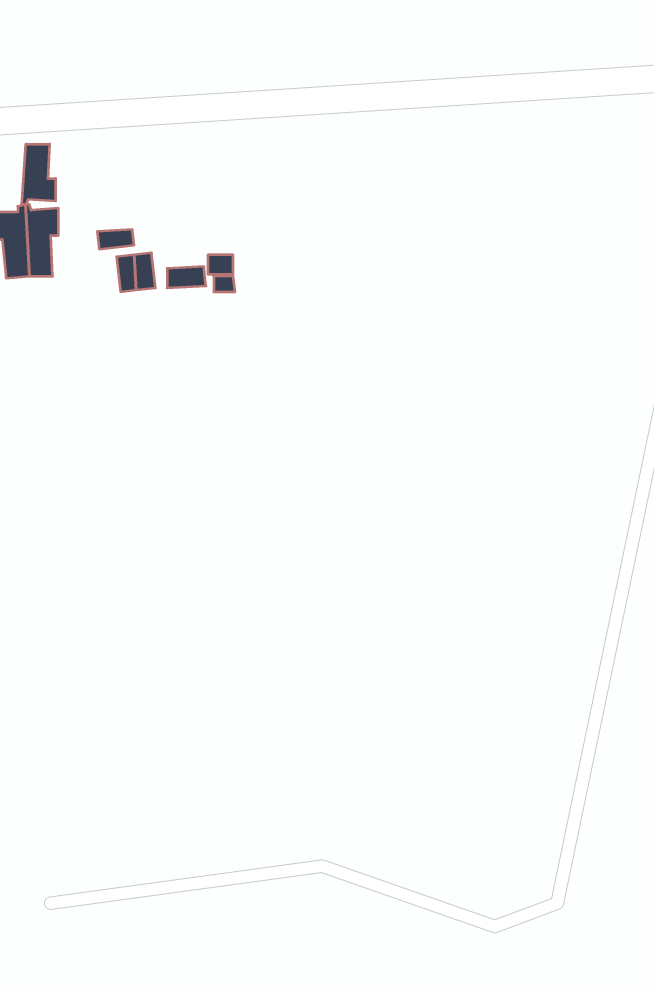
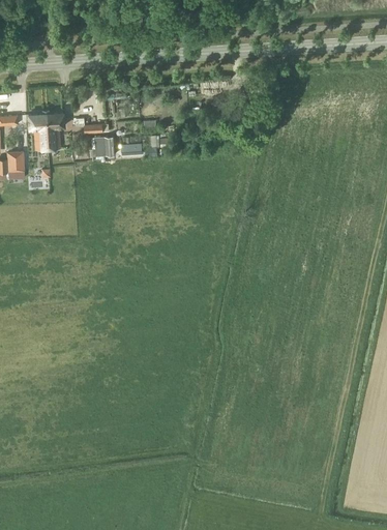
building: [22,144,56,204] -> none

